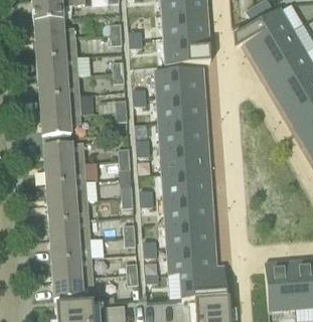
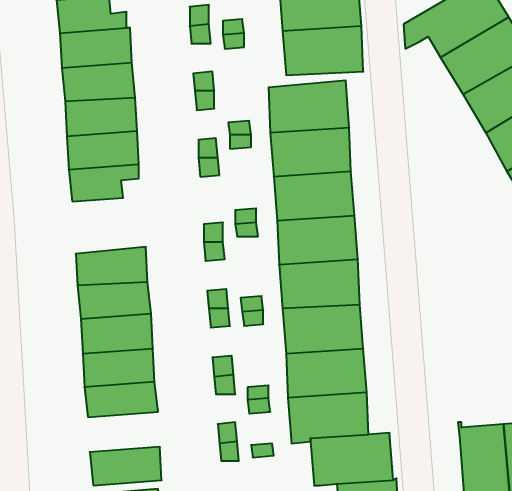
building: [43,140,85,164] -> none
building: [51,255,93,278] -> none

